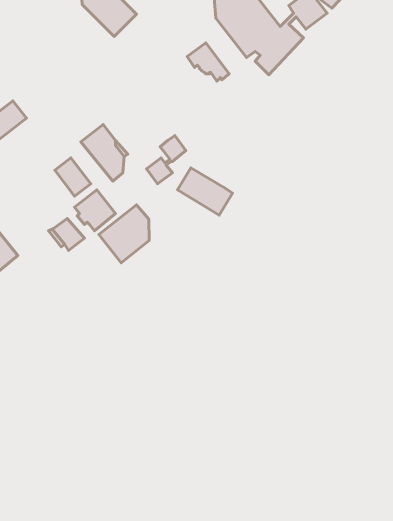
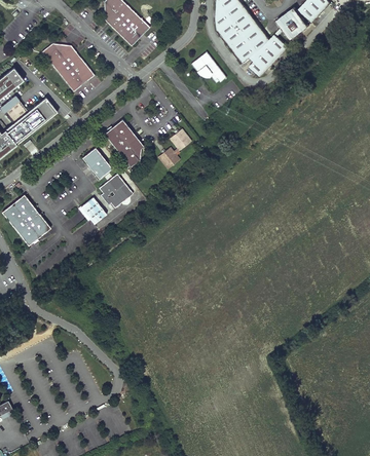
building: none -> [42,43,95,92]
building: [177,168,233,215] -> none
building: [99,205,149,263] -> none

